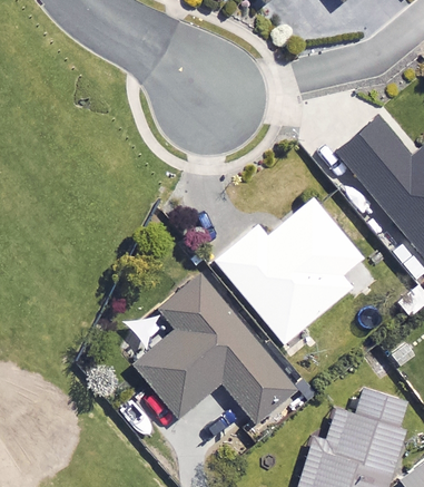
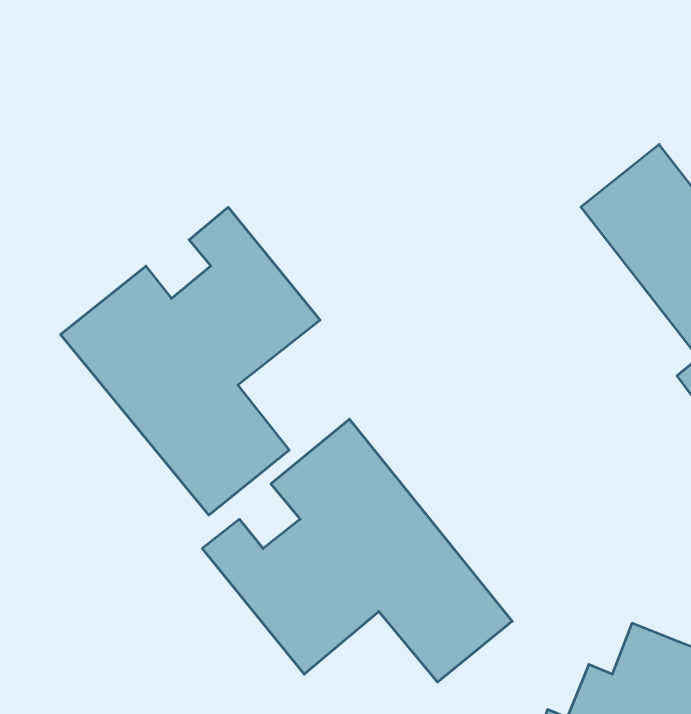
building: none -> [61,207,320,515]
building: [216,199,362,342] -> none

